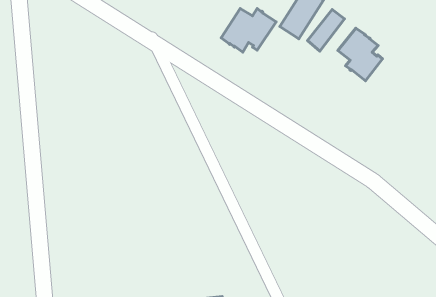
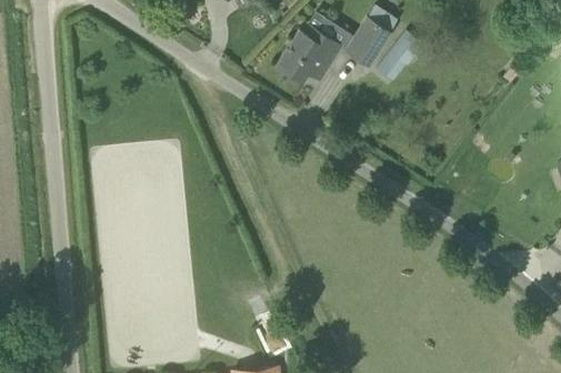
building: [338,28,383,81] -> none

